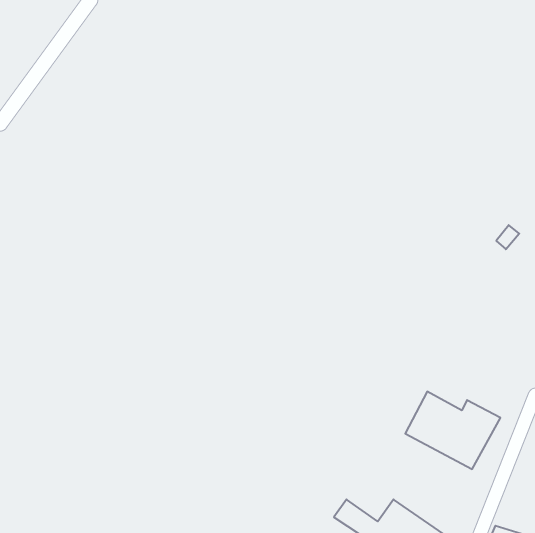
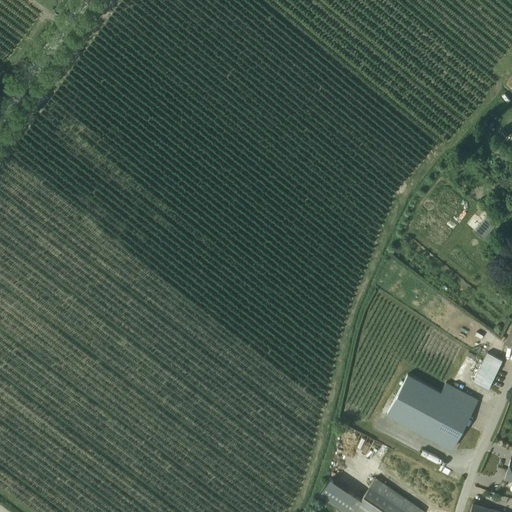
building: none -> [474,355,502,391]

